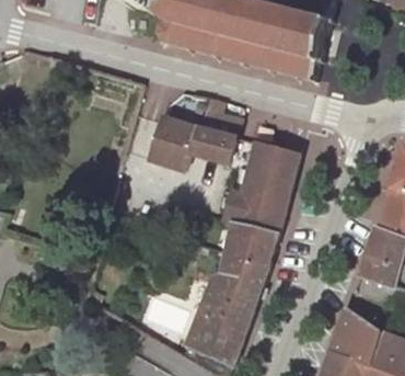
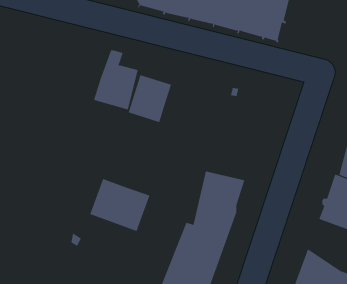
building: [189,98,239,163] -> [93,50,139,110]
building: [223,143,298,232] -> none
building: none -> [89,178,150,232]

